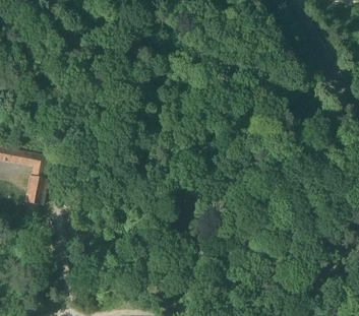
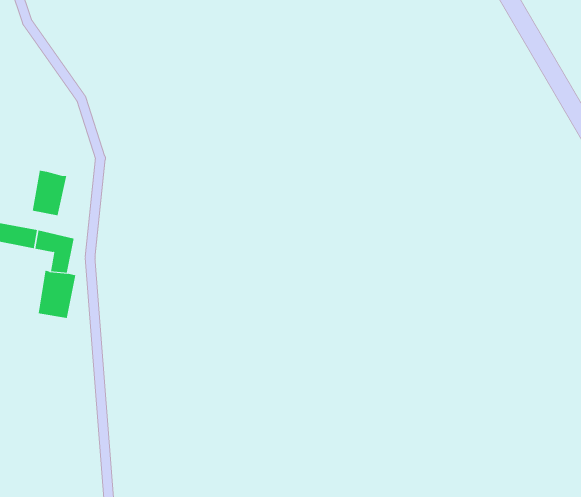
building: none -> [32,170,67,216]

